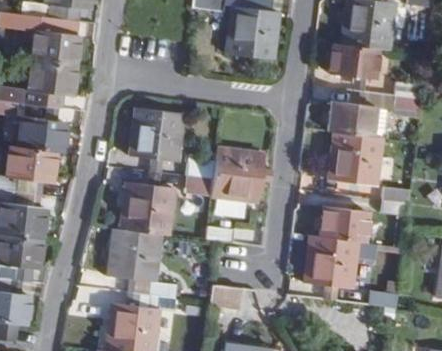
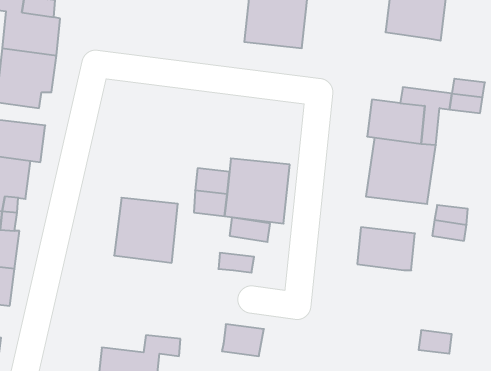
building: [330,45,377,80] -> none
building: [131,107,183,160] -> none
building: [107,228,177,296] -> none
building: [306,233,358,286] -> none

